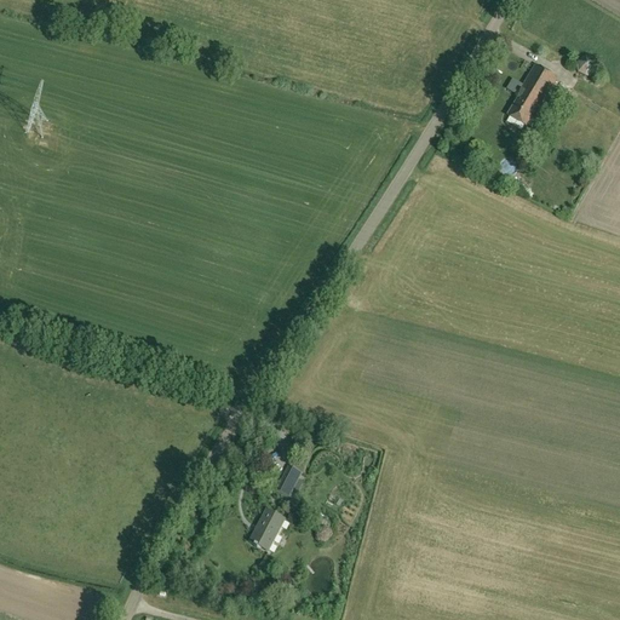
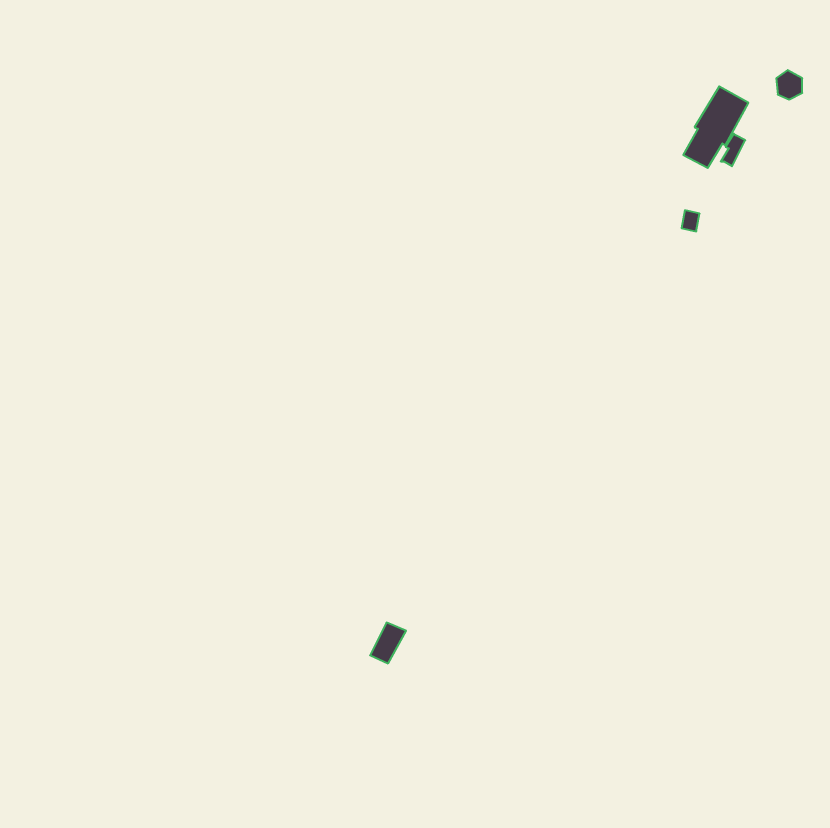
building: [247,509,283,550] -> none

